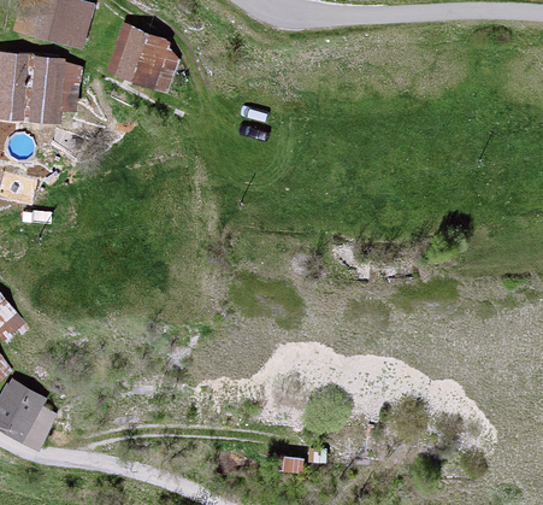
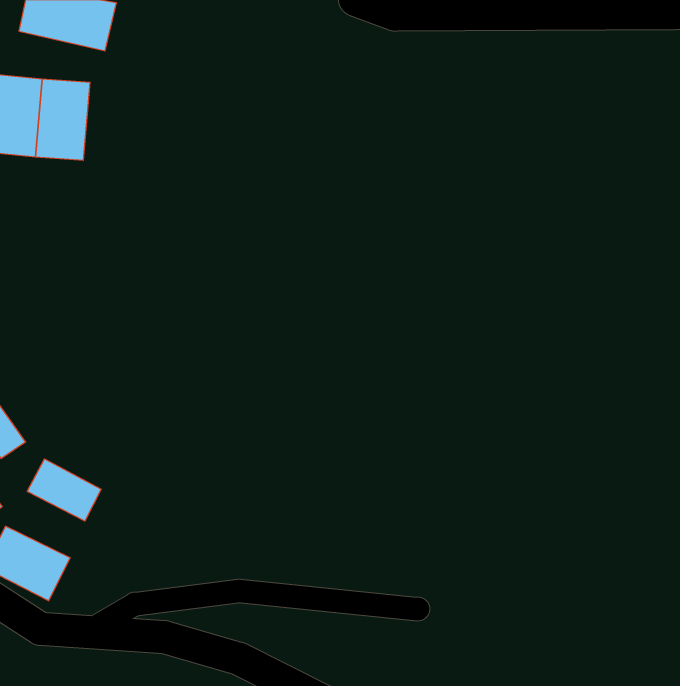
building: [114,28,177,86] -> none
building: none -> [27,459,101,521]

